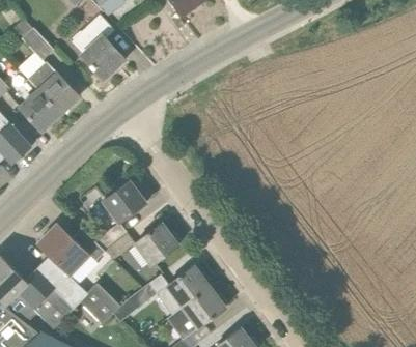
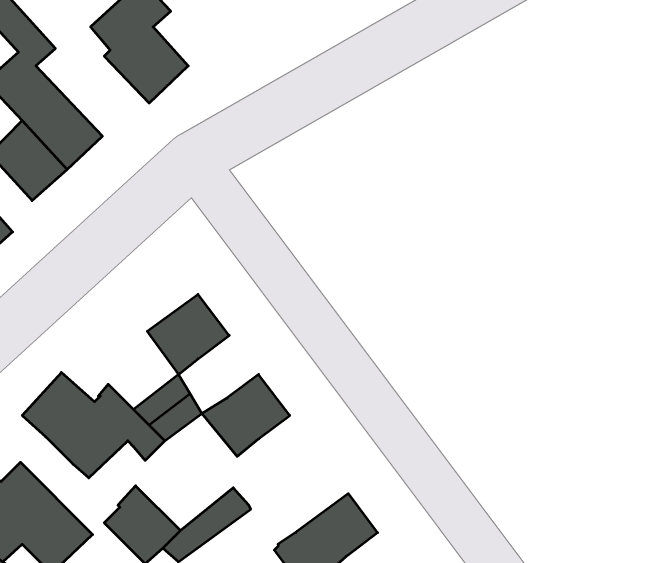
building: [35,256,88,308] -> none
building: [166,265,210,307] -> none

